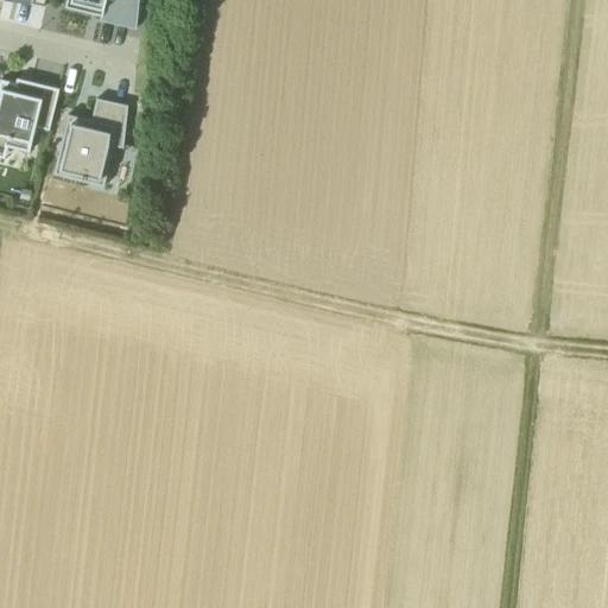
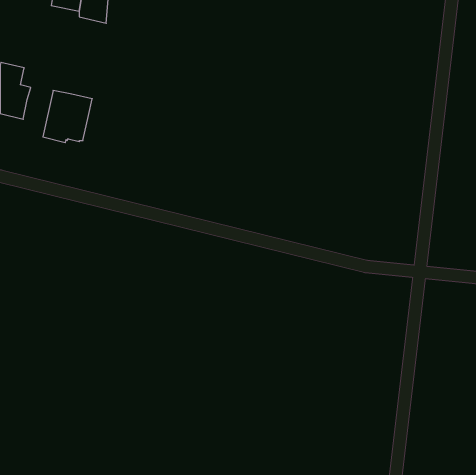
building: [26,82,59,131] -> none
building: [91,100,129,148] -> none

